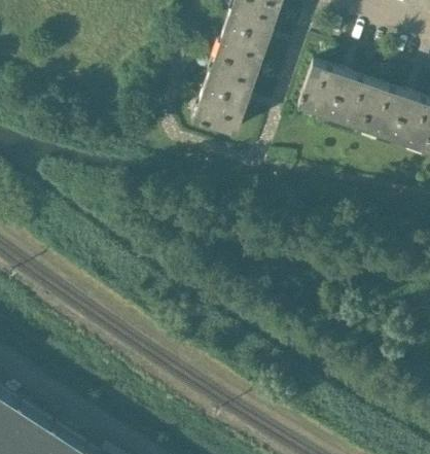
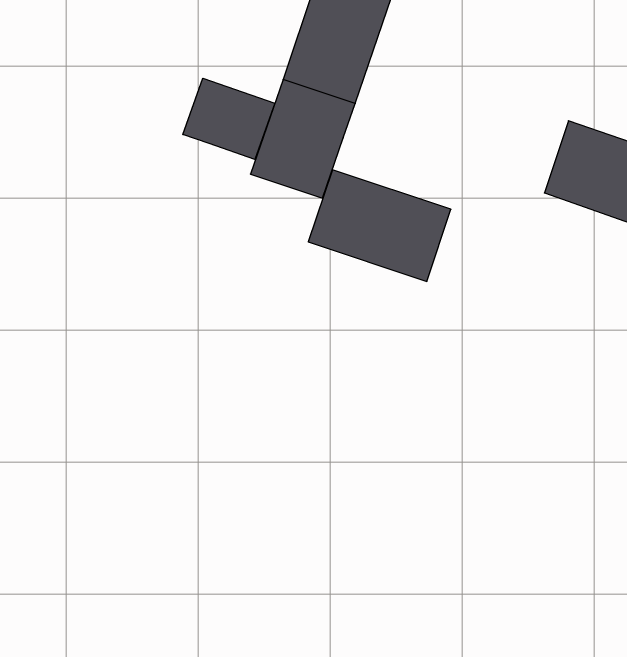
building: none -> [183,78,275,159]
building: [297,67,383,134] -> [308,170,451,281]

